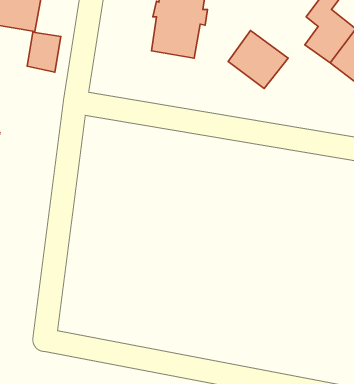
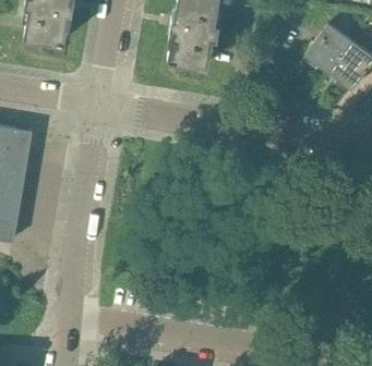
building: [228,31,288,88] -> none
building: [27,32,61,72] -> none

